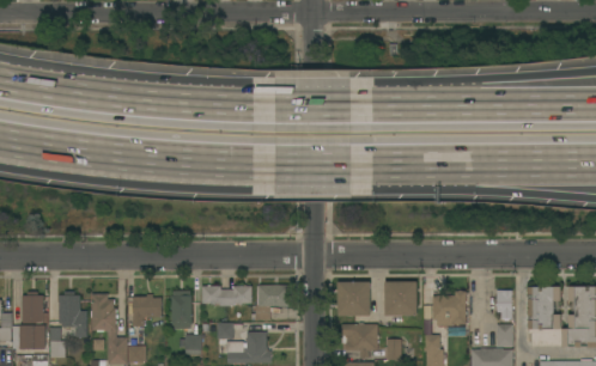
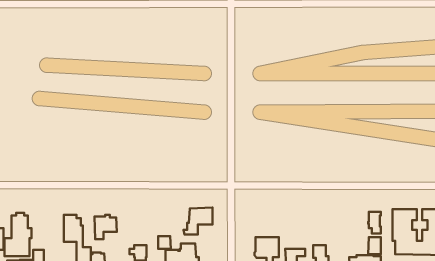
building: [384,275,416,316] -> none
building: [336,282,370,316] -> none
building: [201,286,251,305] -> none
building: [171,291,191,329] -> none
building: [59,292,86,337] -> none
building: [432,292,466,325] -> none

